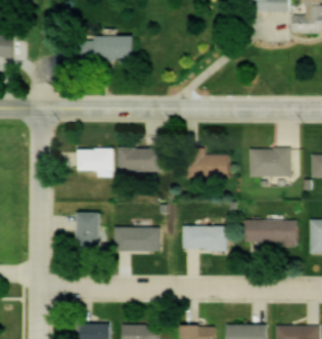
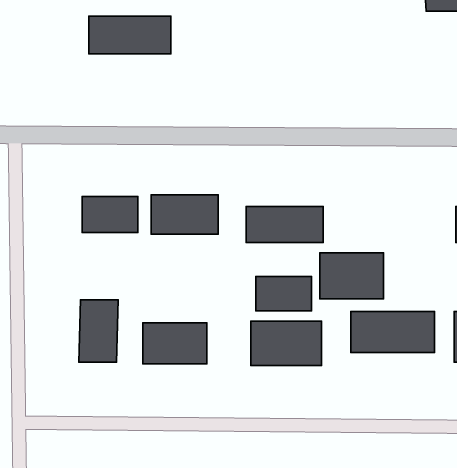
building: [249,149,289,177] -> [320,253,384,299]
building: none -> [256,276,311,311]

